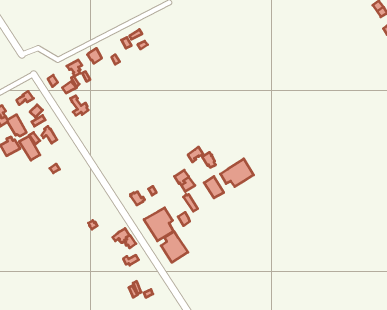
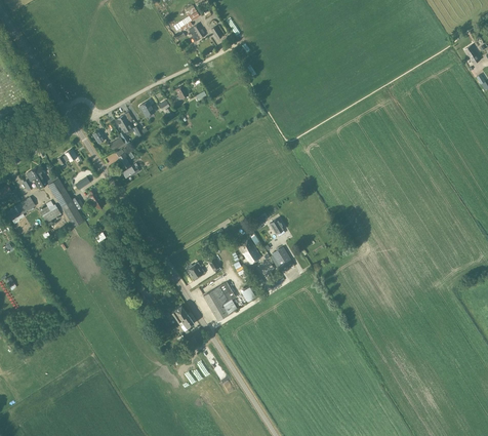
building: [220,159,254,187] -> none
building: [161,232,188,262] -> none

